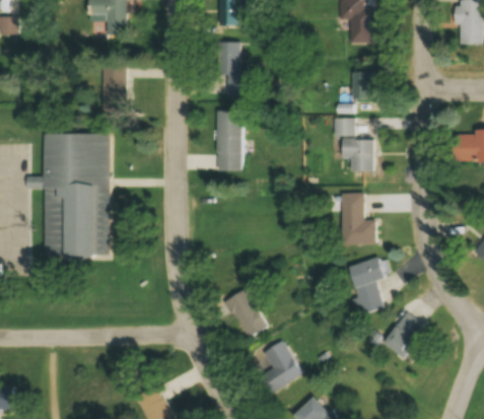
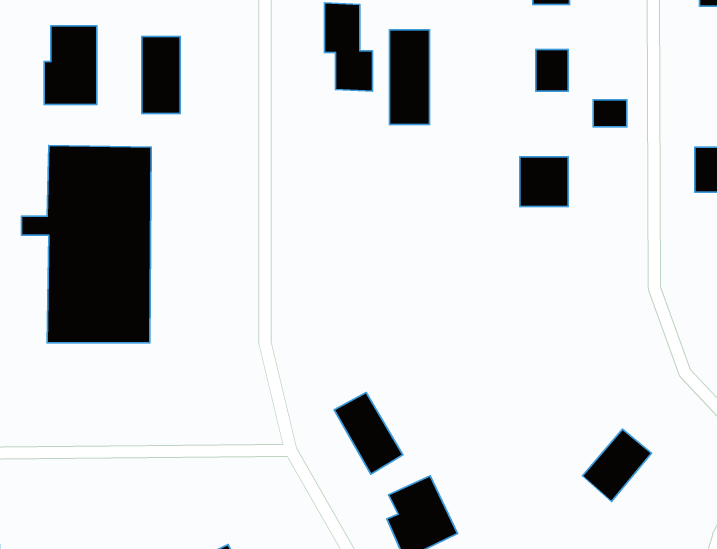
building: none -> [44,26,97,104]
building: [217,111,243,170] -> [389,30,430,124]
building: [335,118,356,135] -> [593,100,627,127]
building: [340,193,375,243] -> none
building: [346,257,385,315] -> none

